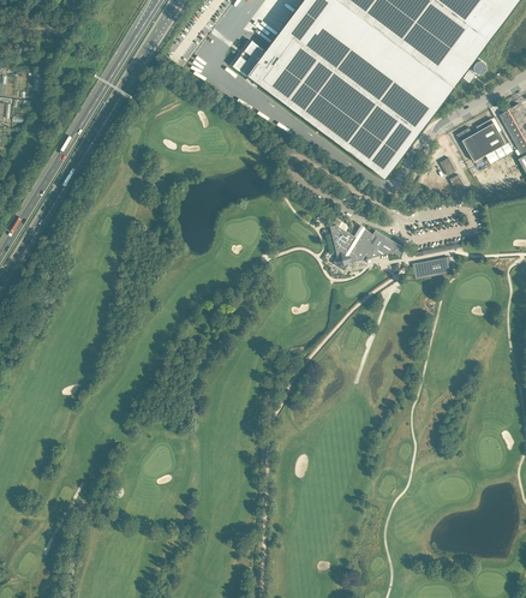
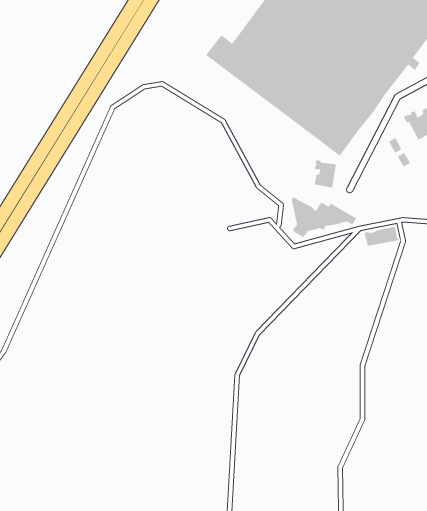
building: none -> [314,159,336,188]

